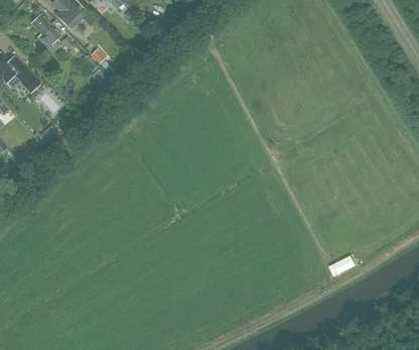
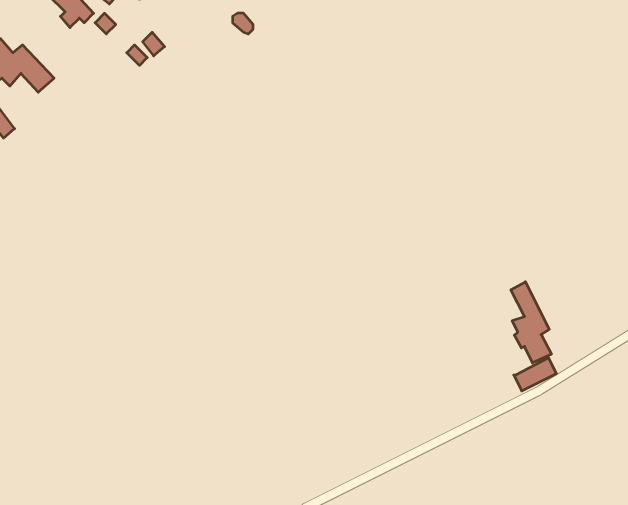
building: none -> [511,282,551,363]

